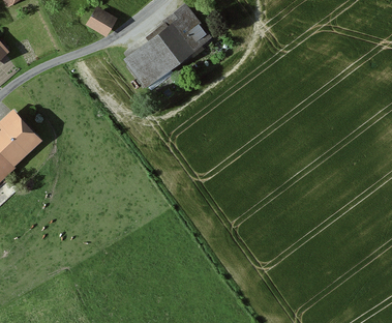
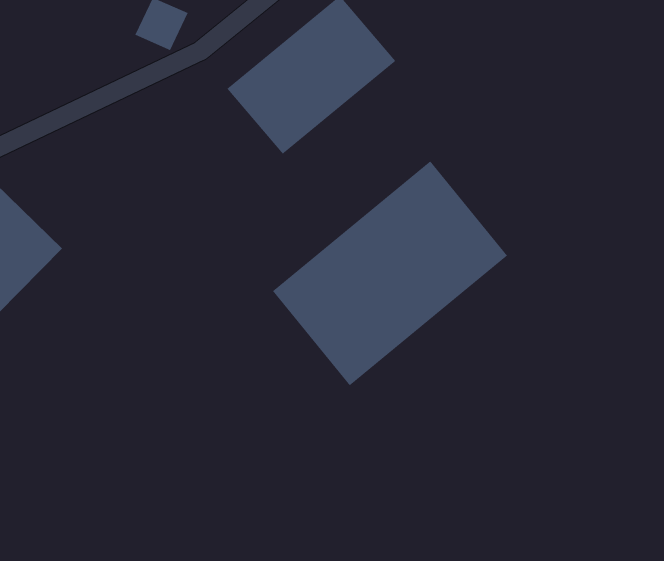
building: none -> [272,160,508,386]

